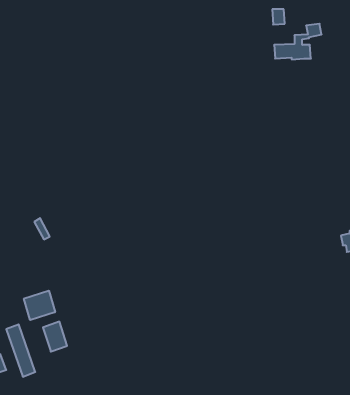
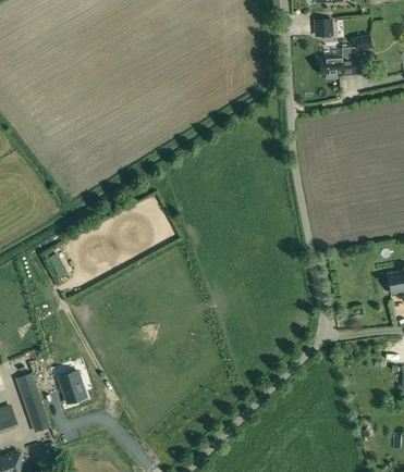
building: [24,291,55,320] -> none

